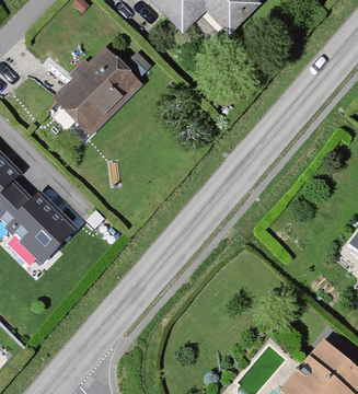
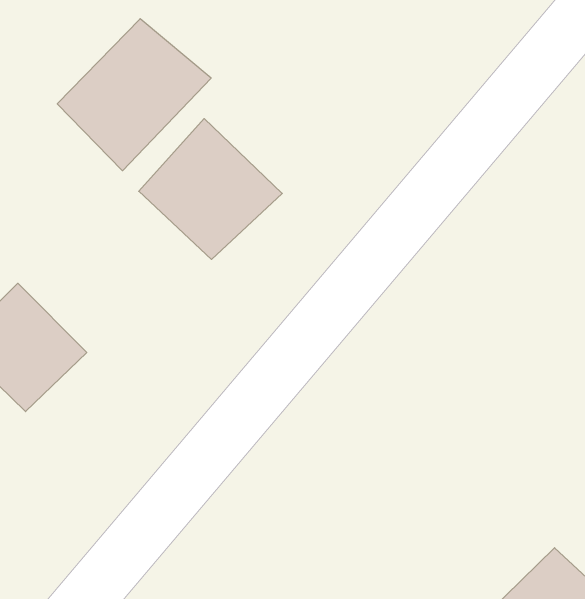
building: none -> [139,119,282,259]

